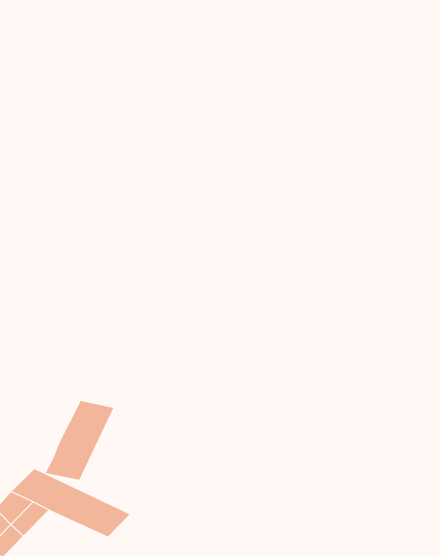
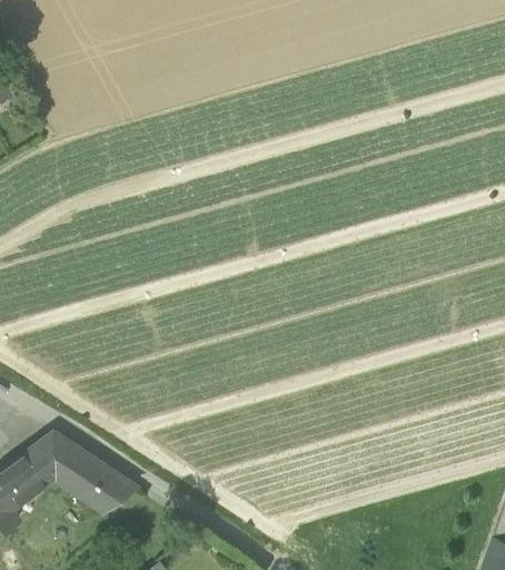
building: [45,400,114,481] -> none

